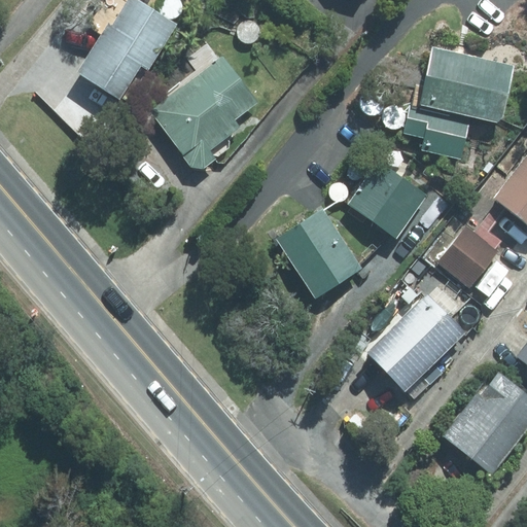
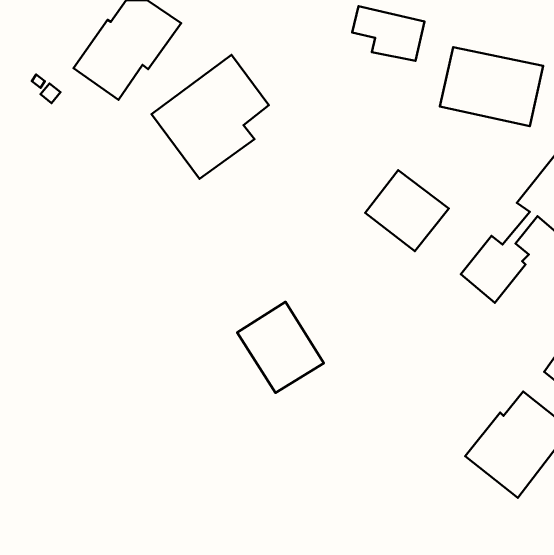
building: [403,108,471,160] -> [352,6,424,61]
building: [278,211,359,296] -> [237,302,324,393]
building: [368,294,465,389] -> none

